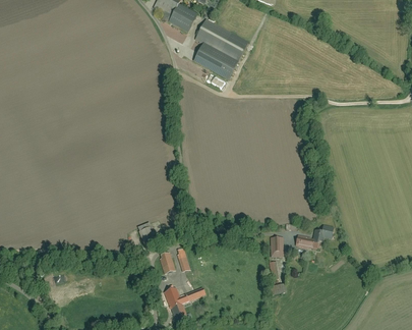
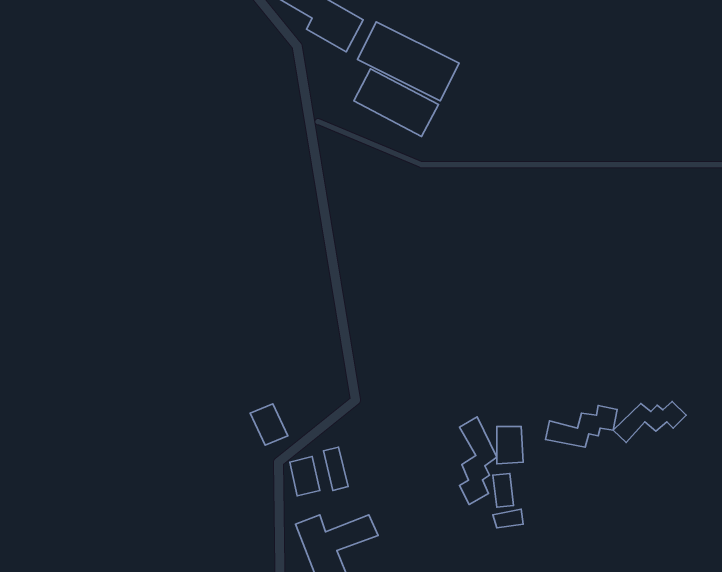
building: none -> [613,401,686,443]
building: none -> [460,417,497,504]

